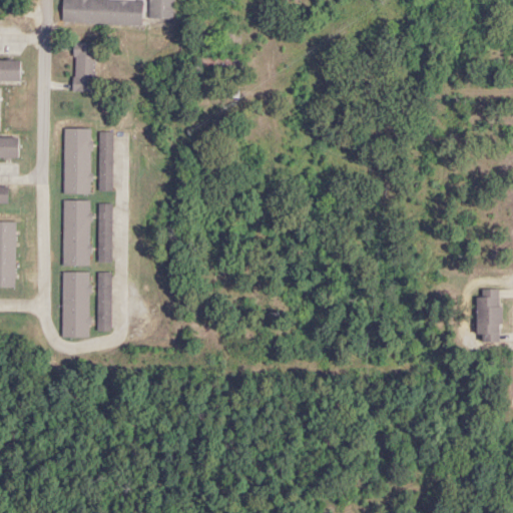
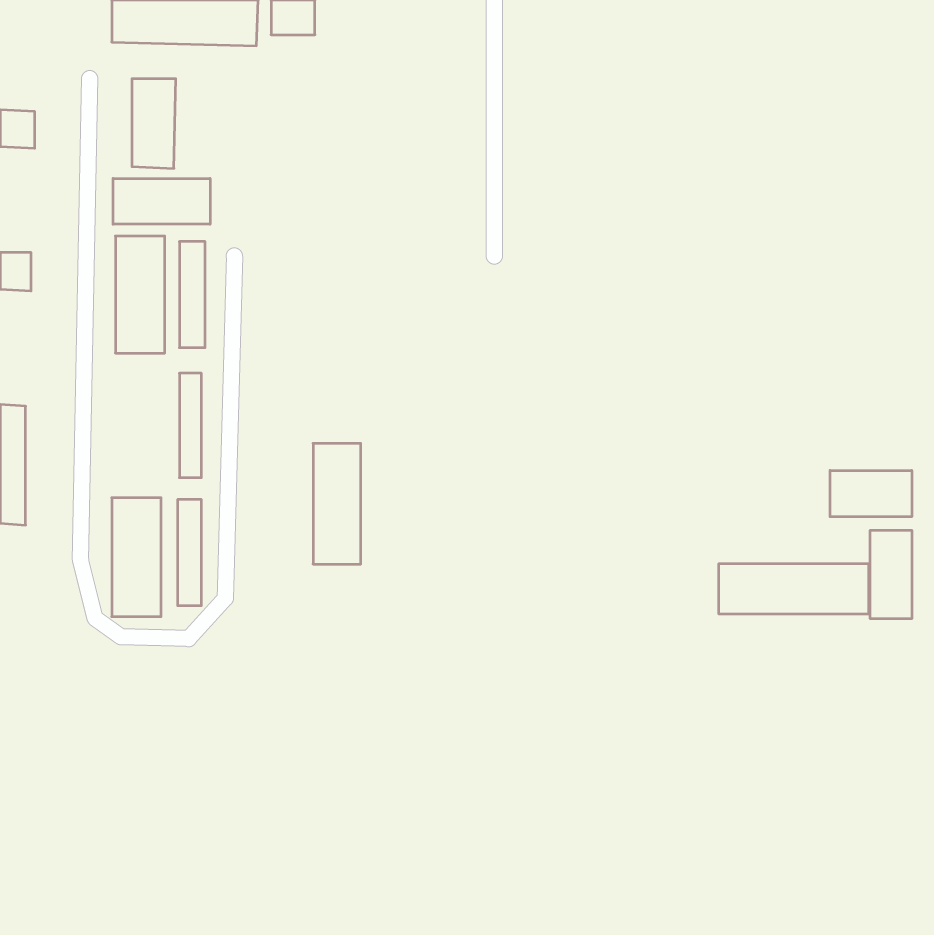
building: none -> [113,178,210,224]
building: [63,200,89,267] -> [313,443,361,564]
building: none -> [830,470,912,517]
building: none -> [719,564,869,614]

